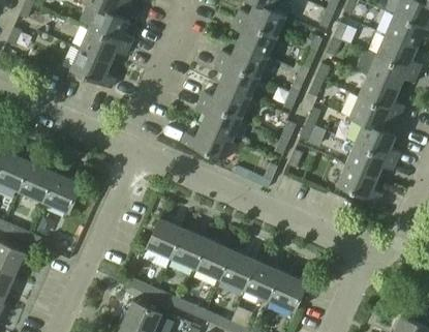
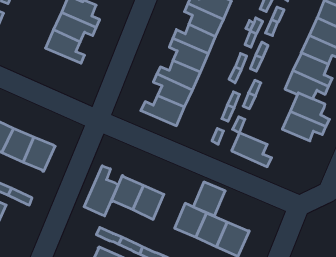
building: [336,164,382,204] -> [232,133,272,167]
building: none -> [84,166,118,216]
building: [195,240,233,279] -> [193,182,225,216]

